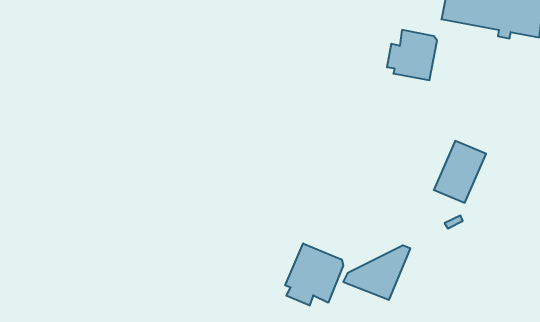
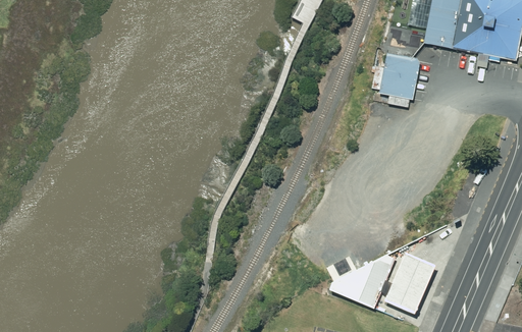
building: [434,141,486,203] -> [386,256,436,315]
building: [285,243,343,306] -> none

